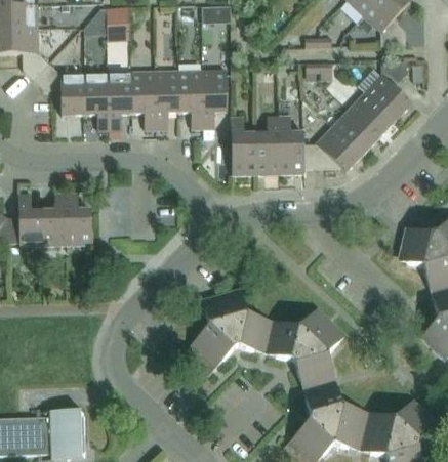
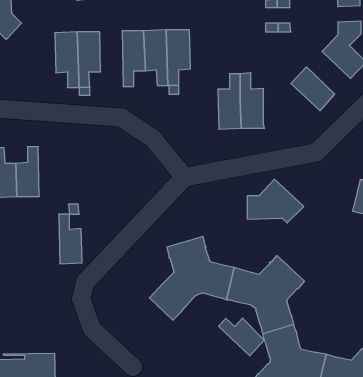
building: [33,62,85,115] -> none
building: [131,71,156,129] -> none
building: [349,92,395,137] -> none
building: [231,116,256,175] -> none
building: [303,126,363,172] -> [247,179,304,223]
building: [67,193,91,245] -> [59,214,82,264]
building: none -> [219,318,264,356]

